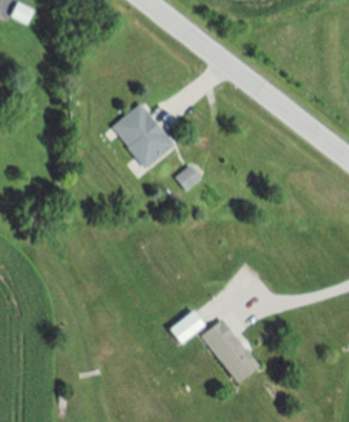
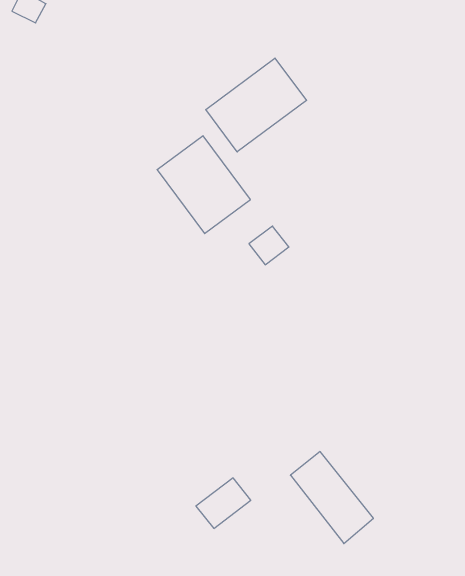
building: none -> [206,58,307,152]
building: [168,310,206,345] -> [196,478,251,528]

